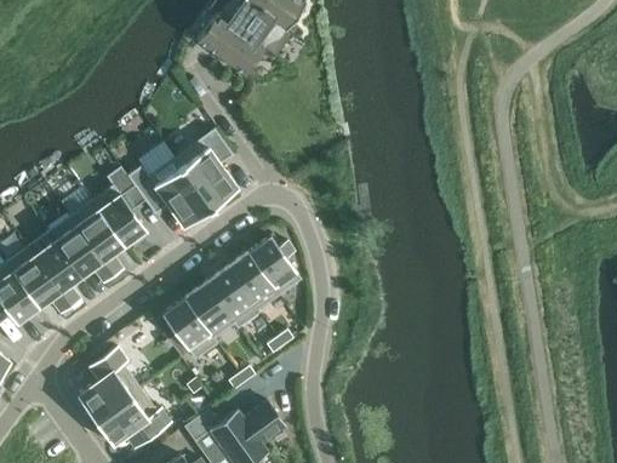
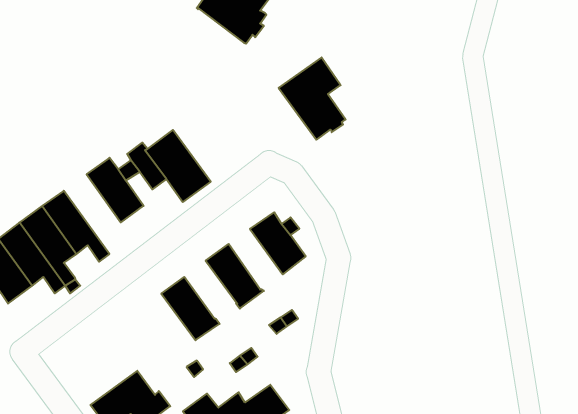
building: [175,128,239,207] -> [279,57,346,140]
building: [70,200,125,276] -> none
building: [228,252,280,310] -> none
building: [185,282,236,338] -> none
building: [78,347,141,421] -> none

